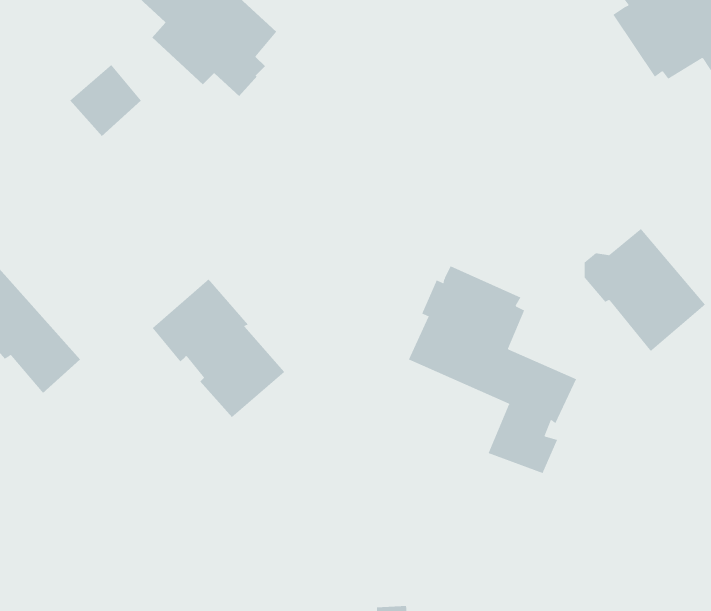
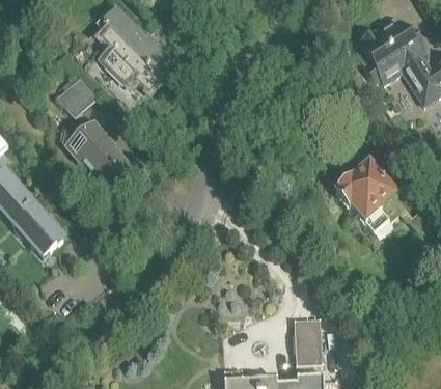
building: [408,265,577,474] -> none
building: [152,279,285,418] -> [62,117,135,193]
building: none -> [293,316,321,362]

